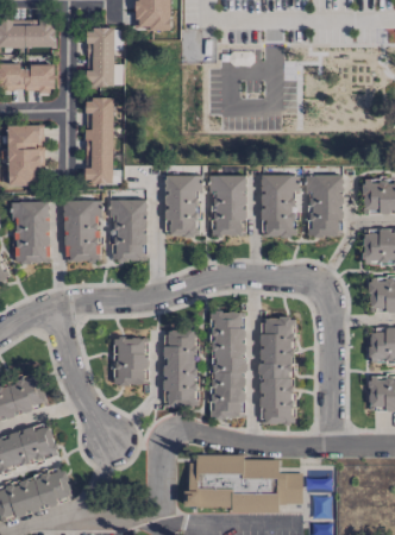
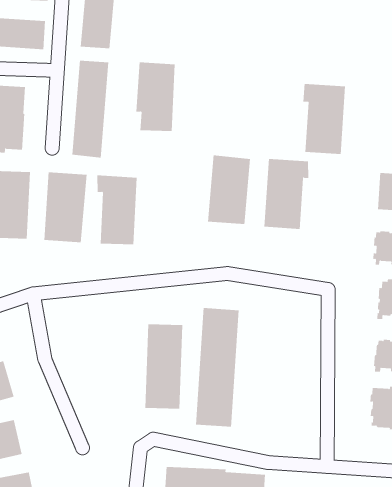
building: [165,175,200,237] -> [135,62,176,131]
building: [305,175,343,237] -> [303,83,346,155]
building: [259,317,294,423] -> none
building: [115,339,148,385] -> none

